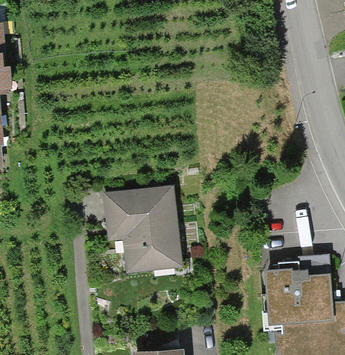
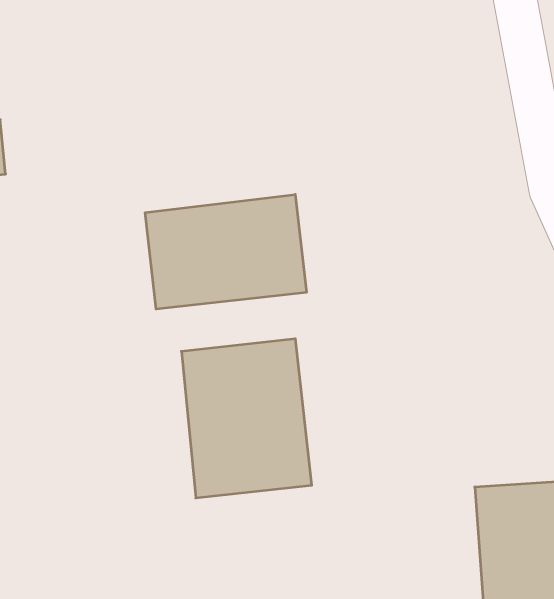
building: none -> [145,194,306,309]

